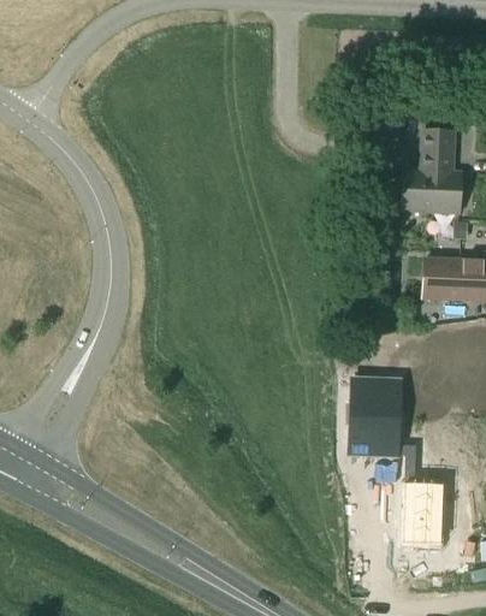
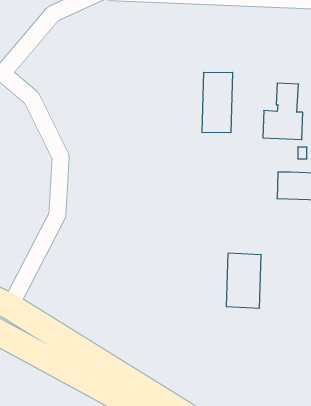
building: none -> [202,72,233,133]
building: [399,474,434,546] -> none

